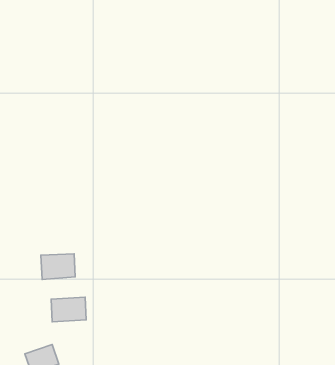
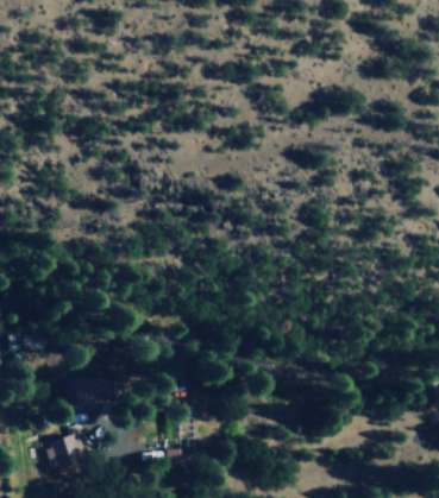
building: [41,254,75,279] -> none

